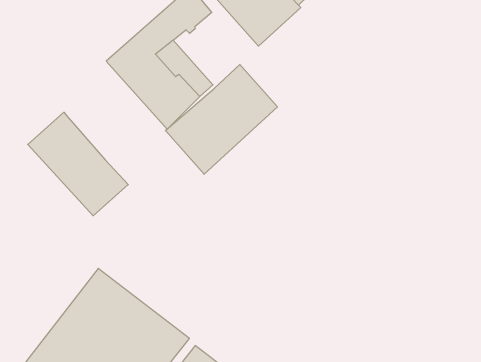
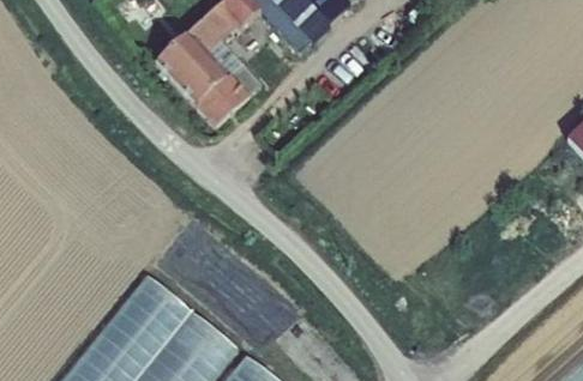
building: [165,65,277,174] -> none
building: [28,112,128,216] -> none

